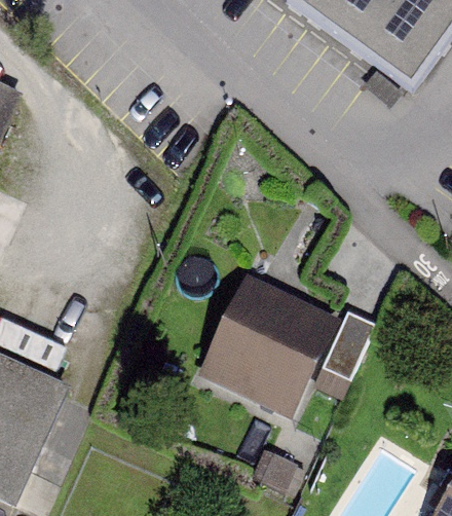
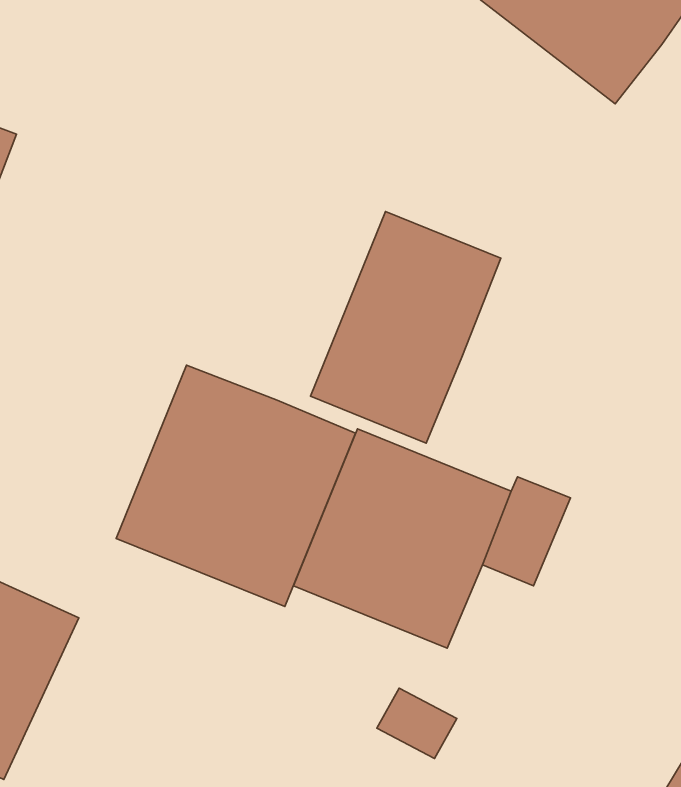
building: none -> [311,211,501,443]
building: none -> [116,365,355,607]

